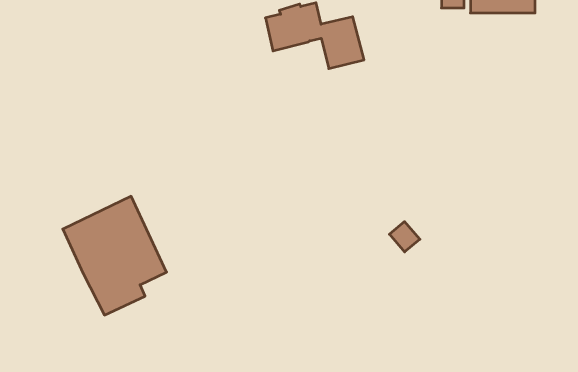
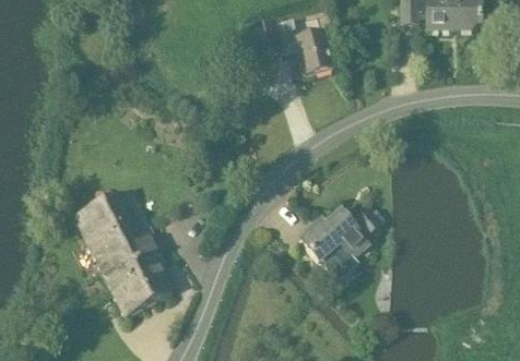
building: none -> [298,210,367,261]
building: none -> [109,251,173,315]

